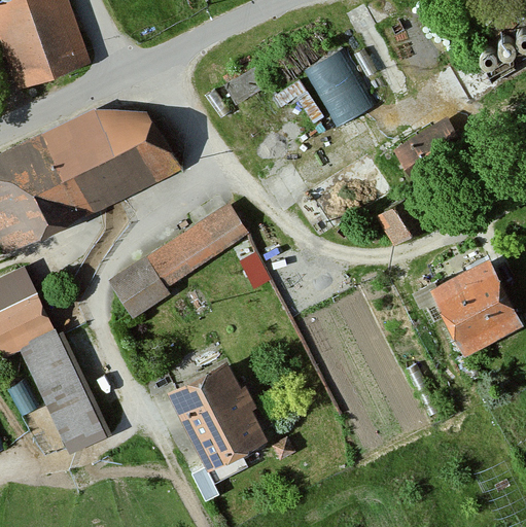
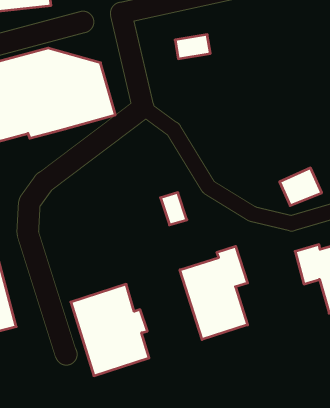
building: [311,46,382,126] -> none
building: [113,201,252,317] -> none
building: none -> [180,246,248,340]

